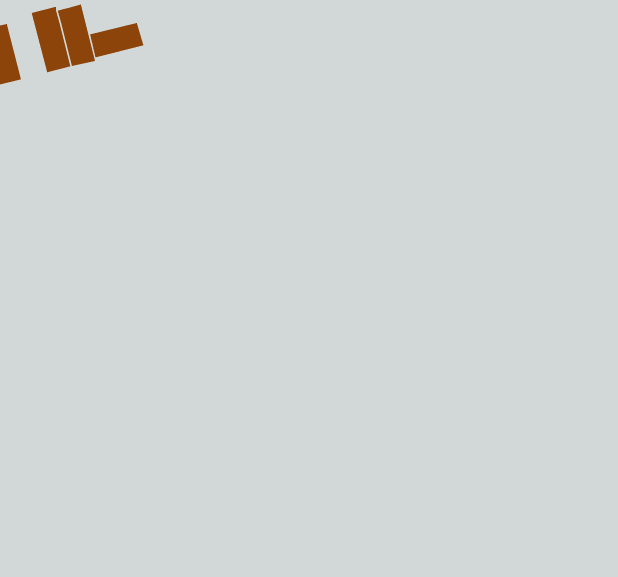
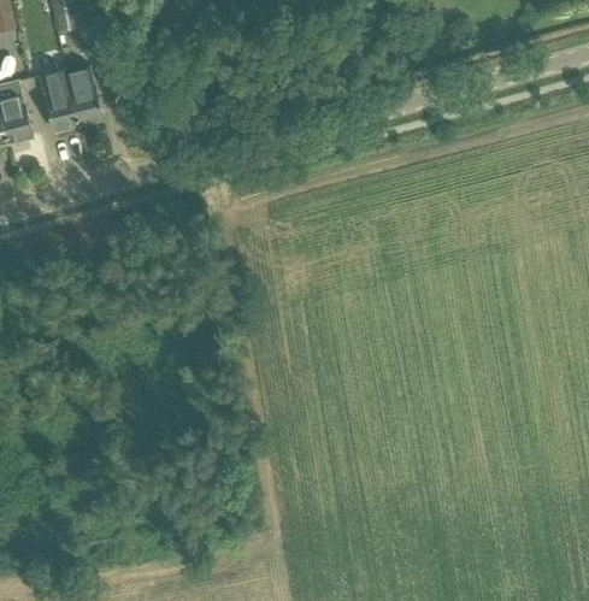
building: [89,22,144,58] -> none

